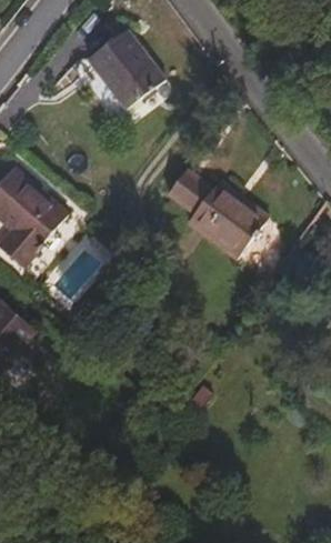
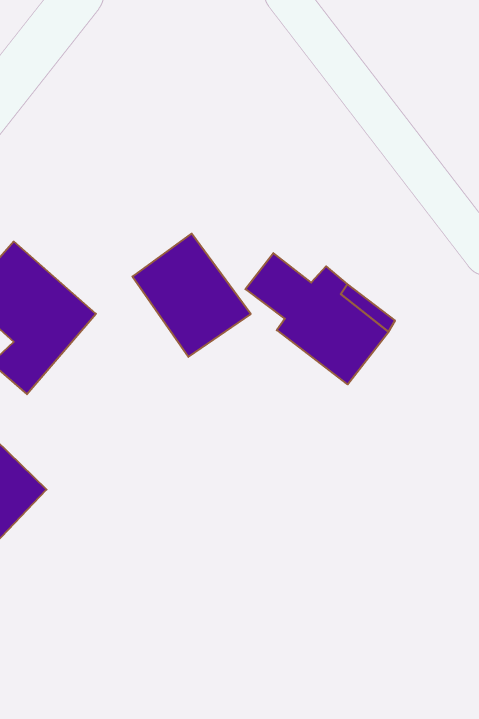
building: [90,30,170,113] -> [132,234,251,357]

